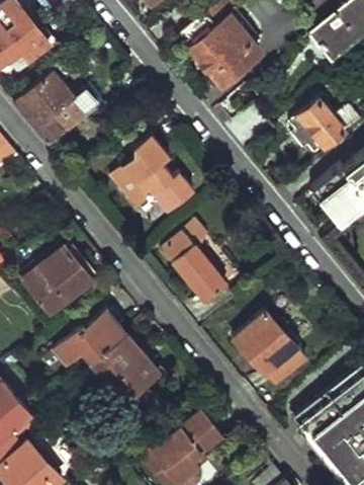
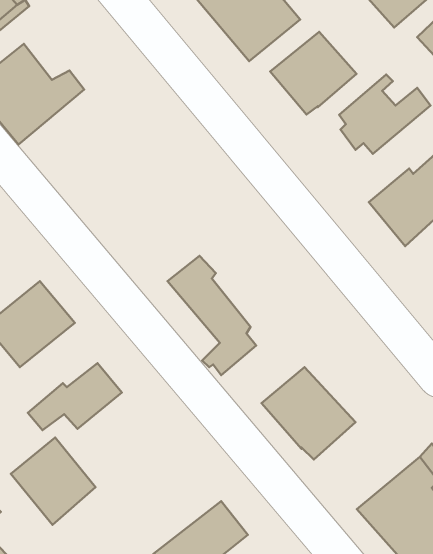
building: none -> [270,32,356,115]
building: [112,133,191,210] -> none
building: [94,334,158,400] -> [11,437,95,525]

